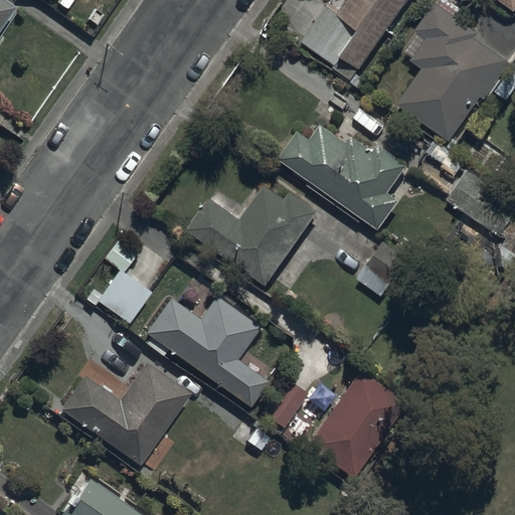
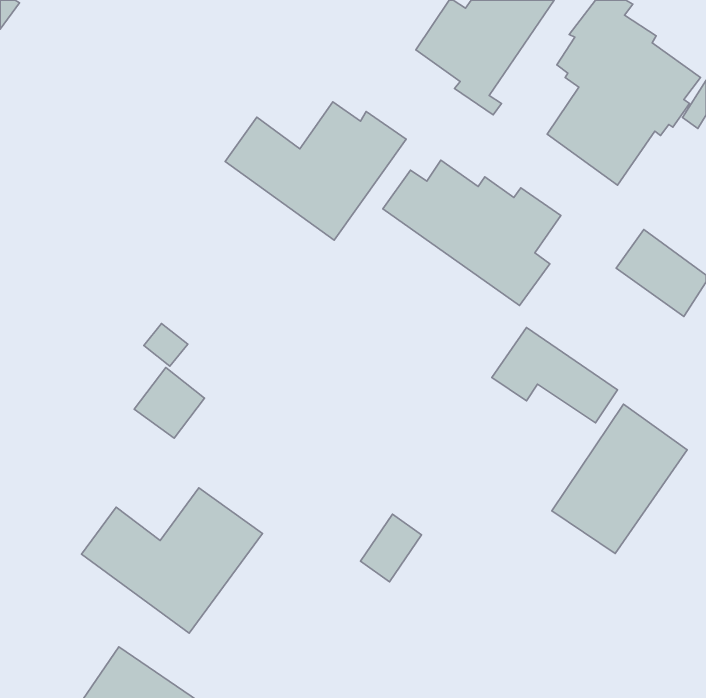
building: [187,184,319,285] -> [225,102,406,240]
building: [143,297,266,406] -> none
building: [307,371,405,480] -> [552,404,687,554]

